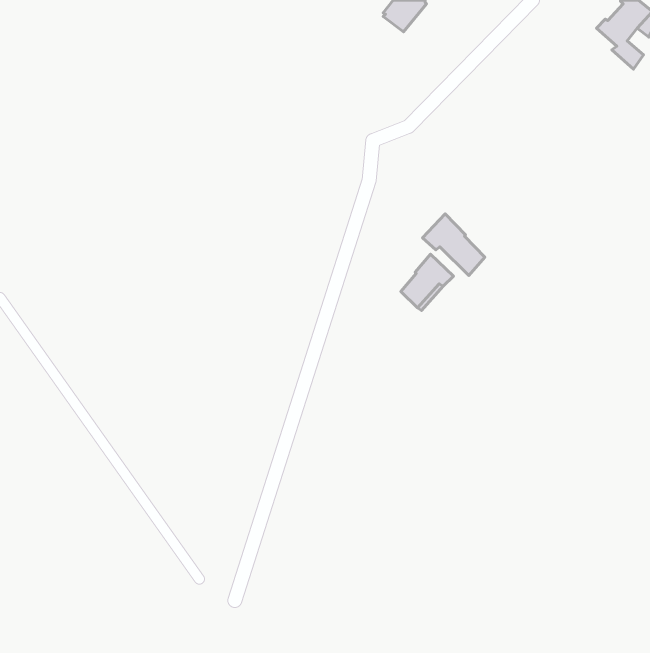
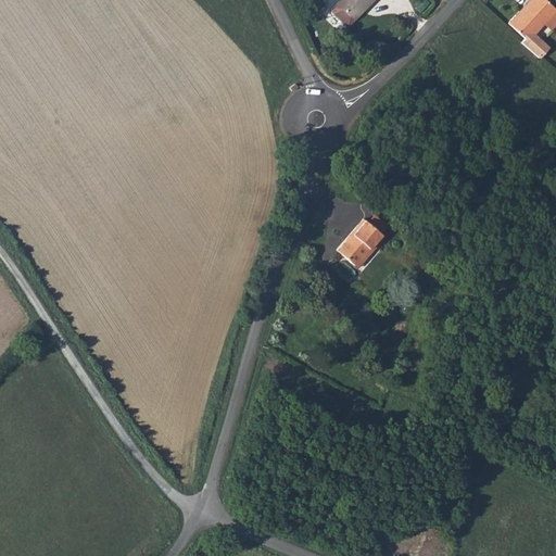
building: [423,214,485,275] -> none

